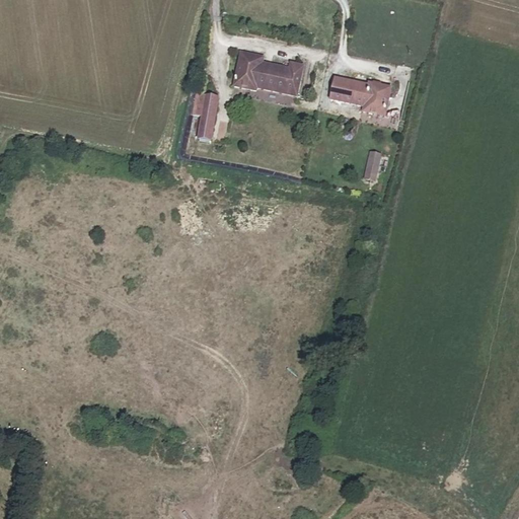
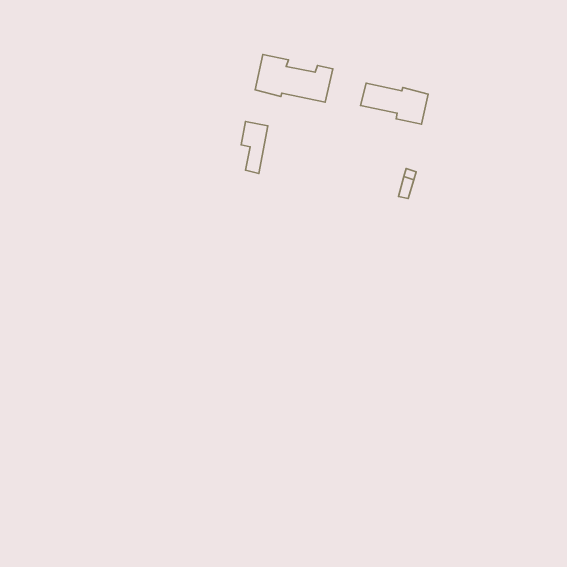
building: [194,90,218,138] -> [241,121,268,174]

